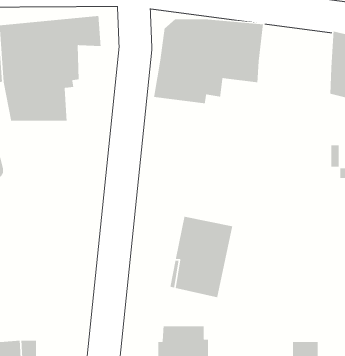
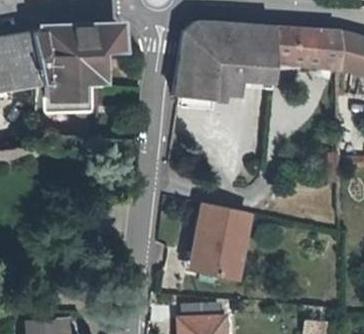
building: none -> [274,27,342,68]

